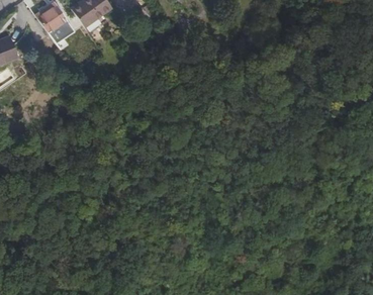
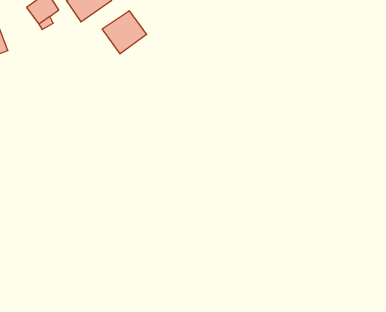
building: none -> [102,11,147,54]

